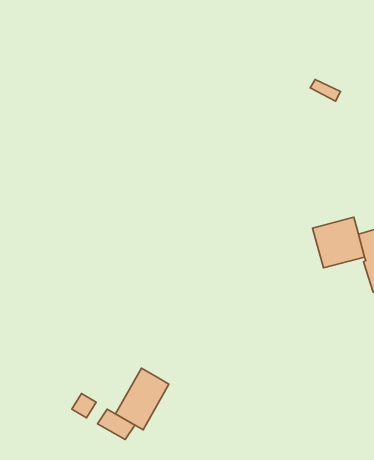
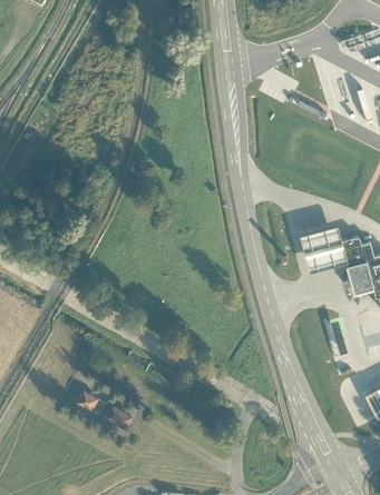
building: [116,368,169,430] -> none

